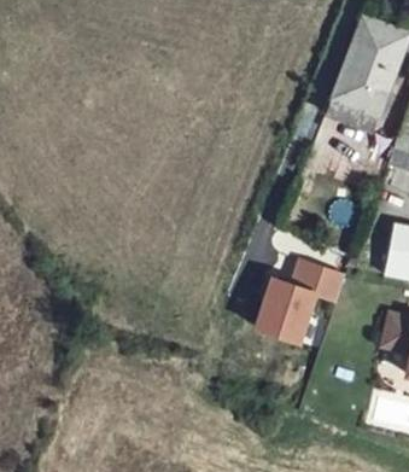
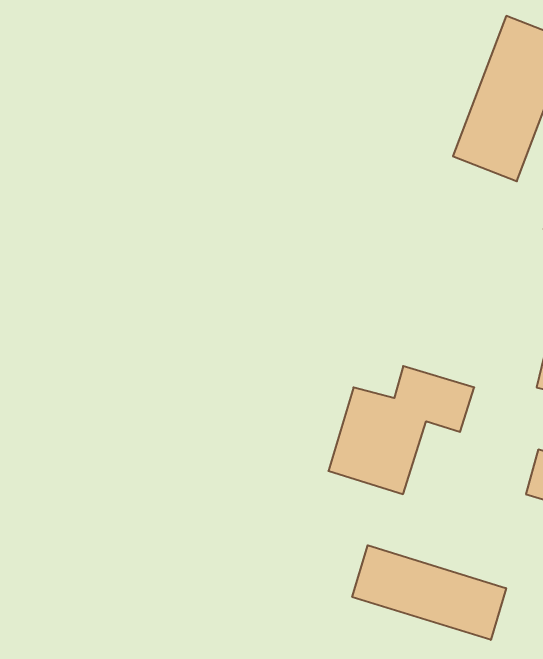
building: none -> [352,545,506,640]

